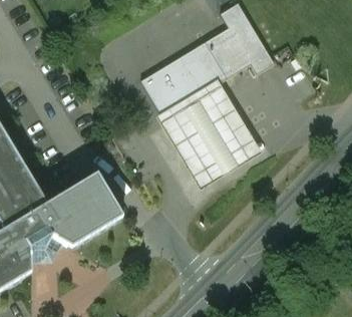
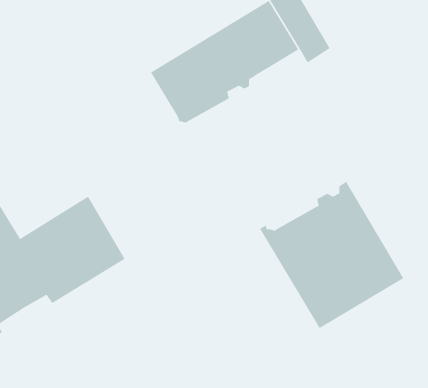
building: [156,81,263,190] -> [259,181,404,329]

